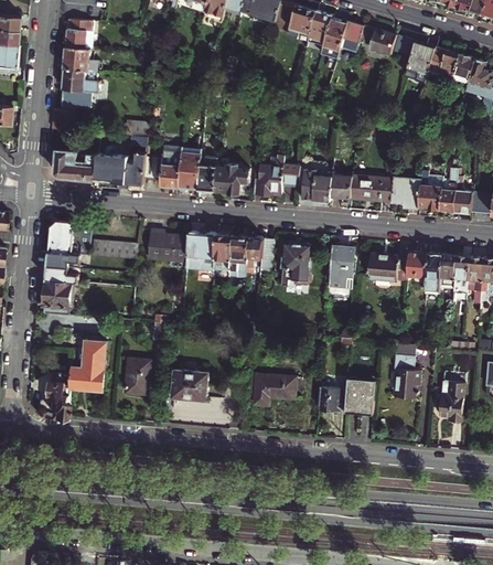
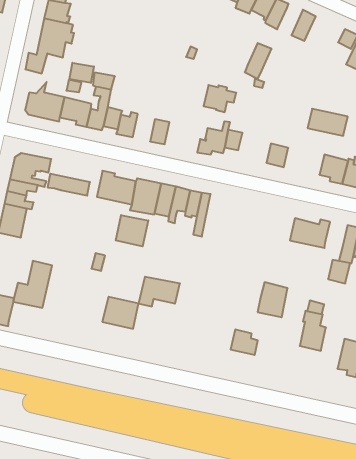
building: [320,20,346,60] -> [245,43,272,79]
building: [358,25,396,54] -> none
building: none -> [69,63,94,83]
building: [178,151,201,189] -> none
building: [214,163,248,192] -> [204,85,236,112]
building: [302,169,332,200] -> none
building: [350,175,393,201] -> [308,109,348,136]
building: [281,239,311,286] -> none
building: [329,245,354,286] -> none
building: [407,252,429,276] -> [328,260,350,283]
building: none -> [116,215,148,246]
building: [124,358,150,394] -> none
building: [253,373,296,405] -> [138,277,180,306]
building: [345,376,375,413] -> [258,282,288,317]

